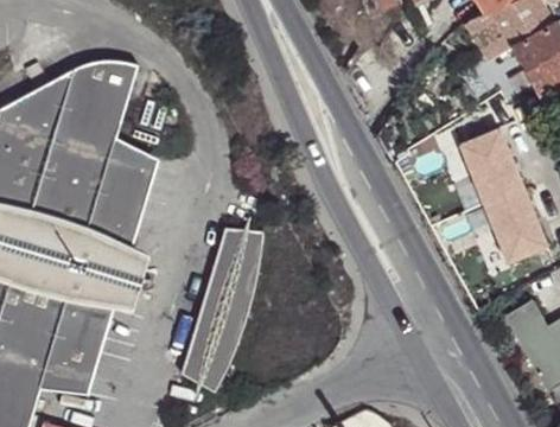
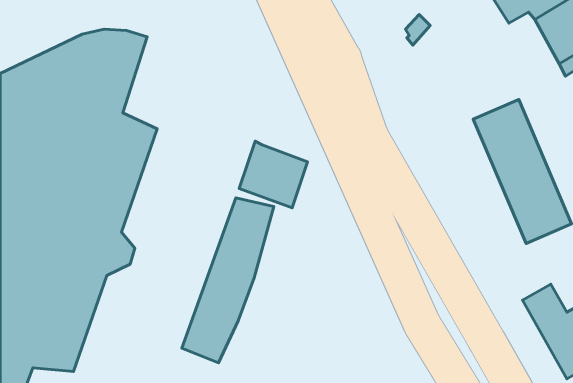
building: none -> [239,141,307,208]

